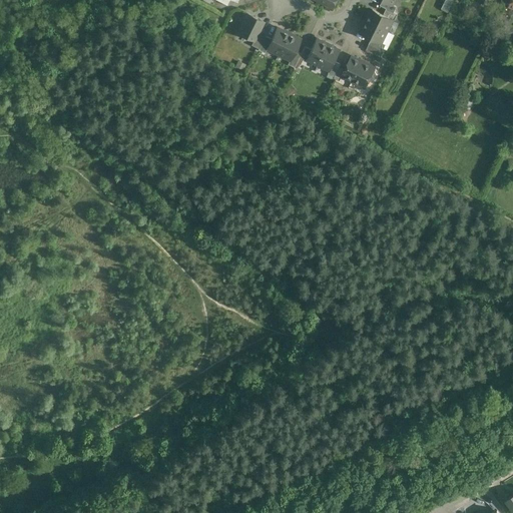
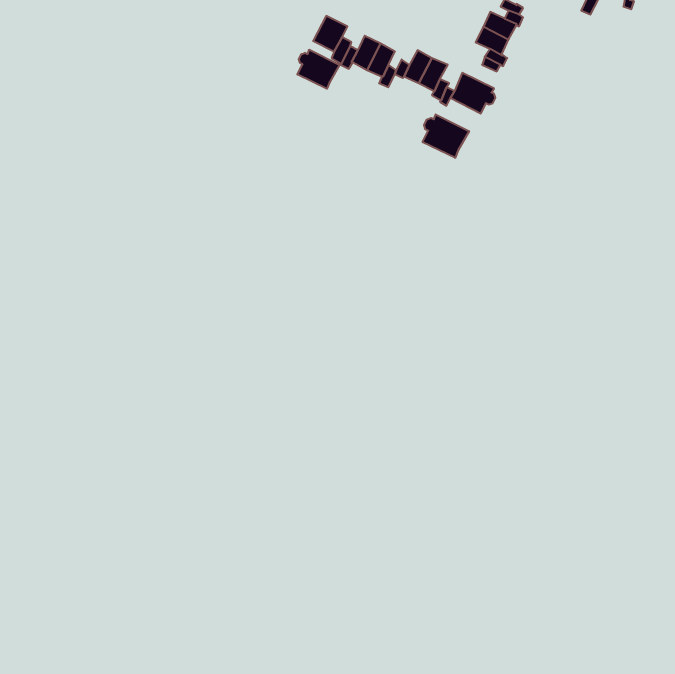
building: none -> [297,50,339,89]
building: none -> [423,114,469,158]

